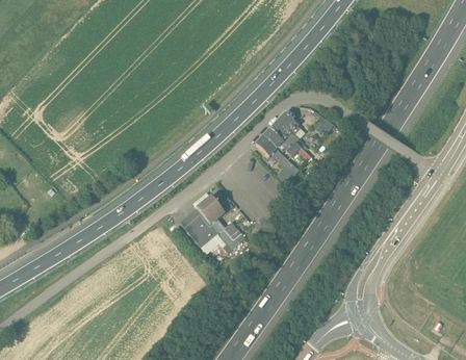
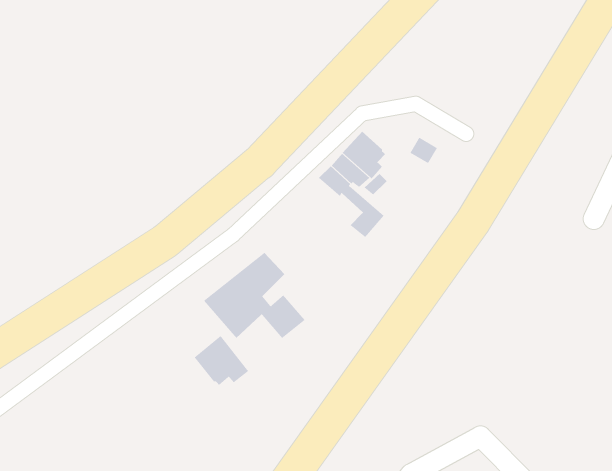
building: none -> [194,335,249,386]

